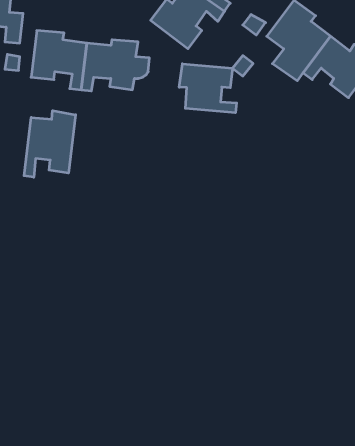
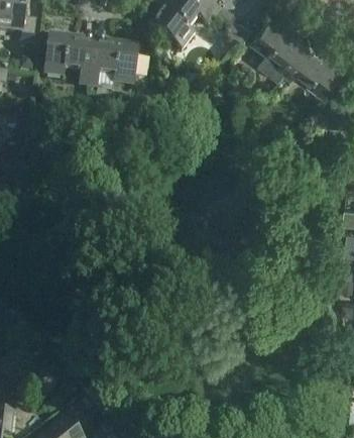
building: [179,64,237,113] -> none
building: [24,111,76,177] -> none

